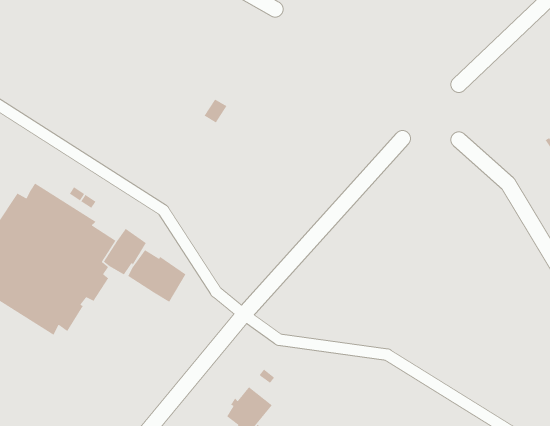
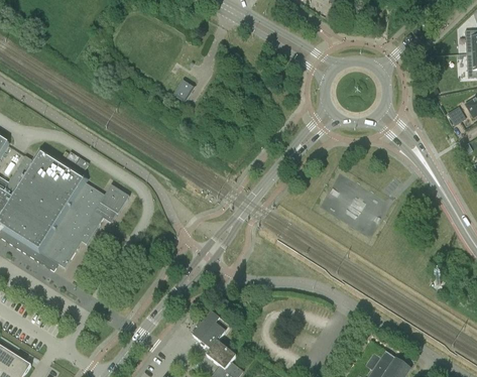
building: [127,249,187,303] -> none

